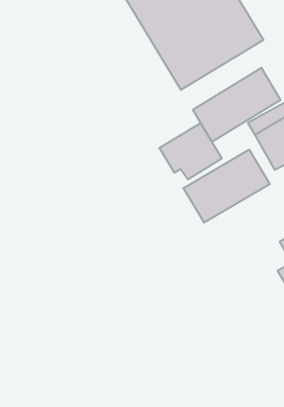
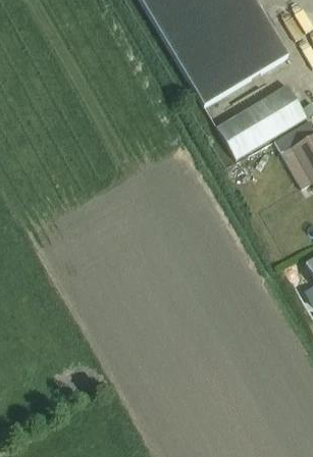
building: [160,123,222,179] -> none
building: [183,150,270,223] -> none

